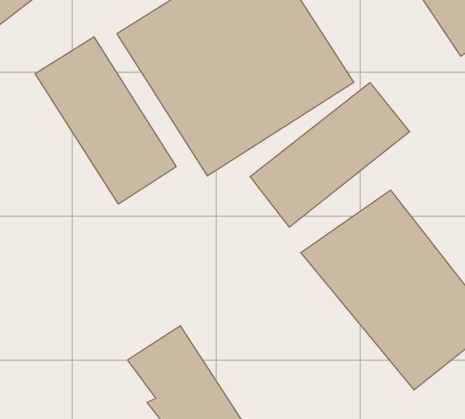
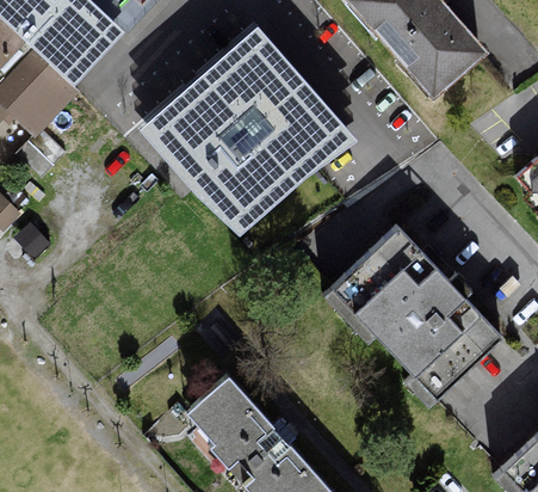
building: [35,37,176,204] -> none
building: [250,83,410,227] -> none

